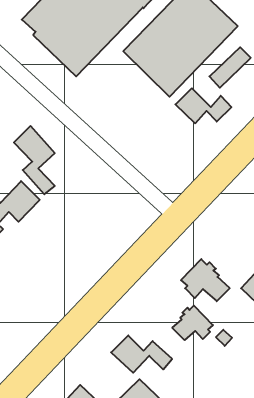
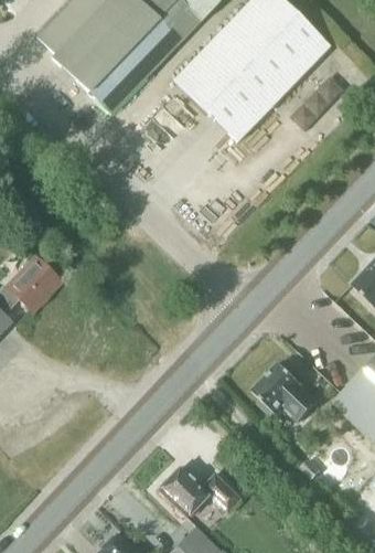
building: [175,88,231,123] -> none
building: [14,126,55,194] -> none
building: [172,306,213,340] -> none

